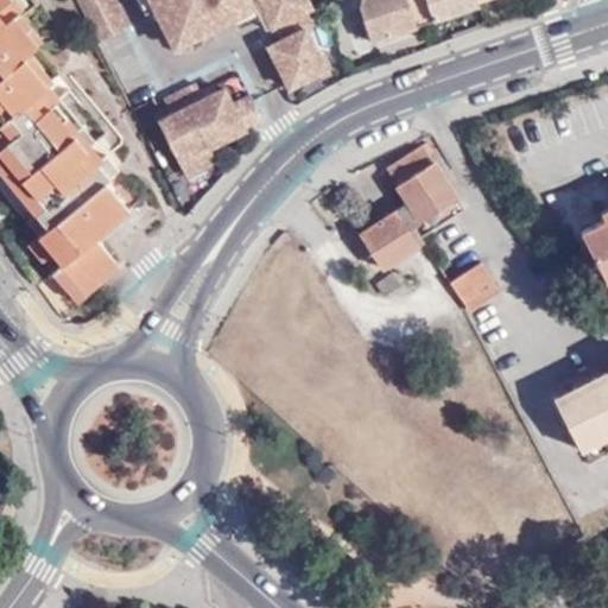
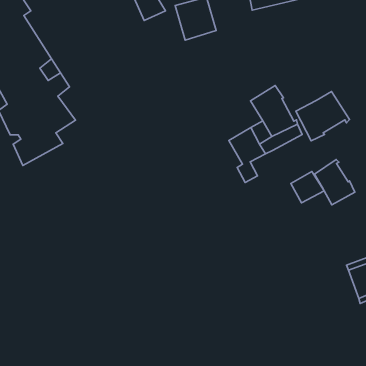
building: [153,78,259,167] -> none
building: none -> [296,92,349,141]
building: none -> [314,159,355,205]

